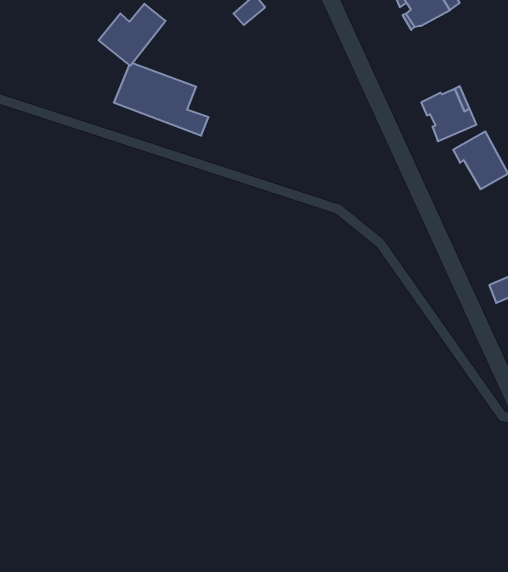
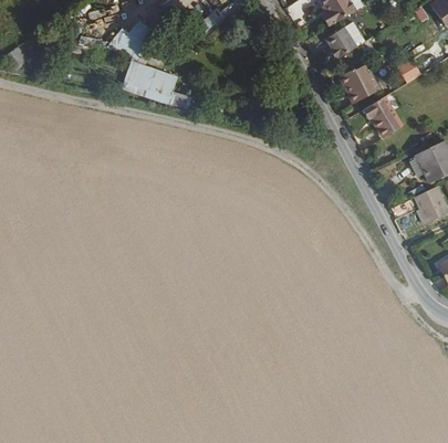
building: none -> [326,23,364,60]

